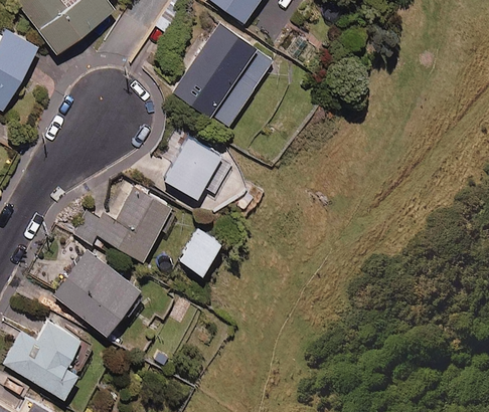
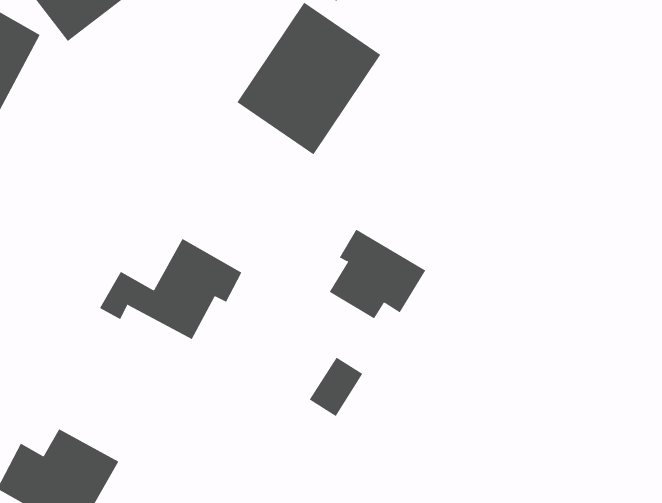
building: [162,134,230,197] -> [329,229,426,319]
building: [179,230,217,272] -> [309,357,363,417]
building: [52,249,142,332] -> none

